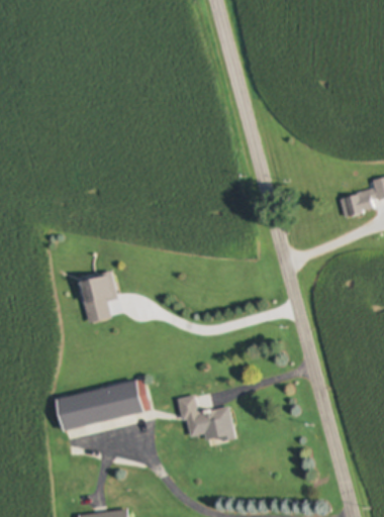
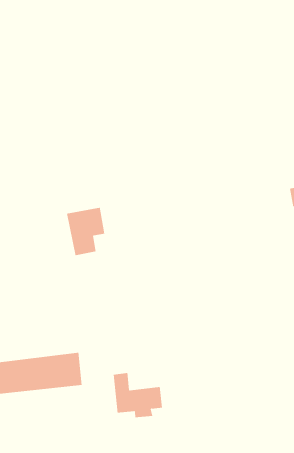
building: [77,272,117,322] -> [66,207,105,256]

